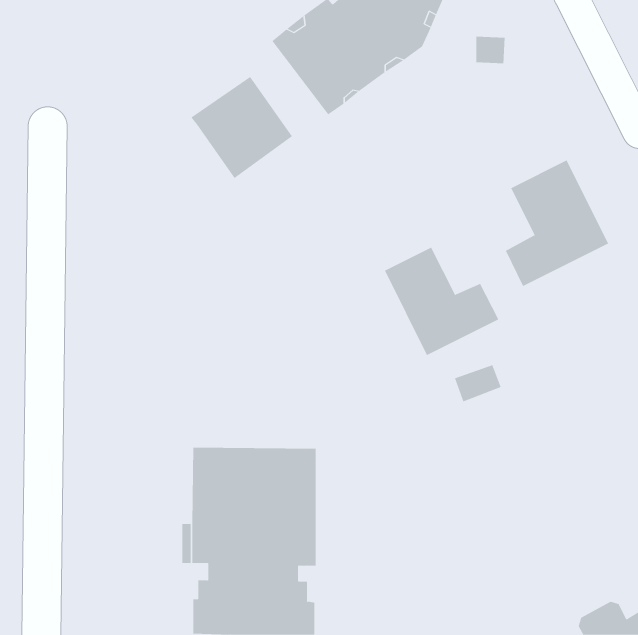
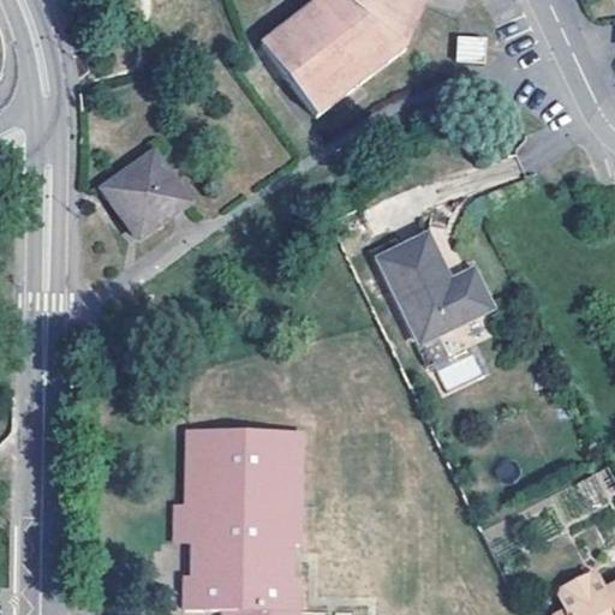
building: [190,76,293,179] -> [97,145,196,244]
building: [505,160,609,287] -> none

